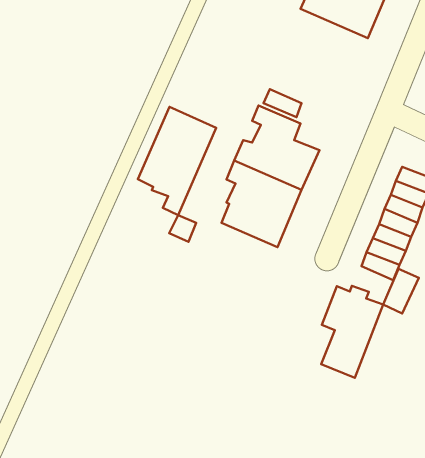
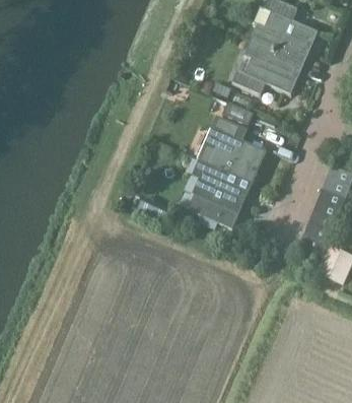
building: none -> [232,38,304,93]
building: [138,107,216,215] -> none
building: [321,286,383,378] -> none

